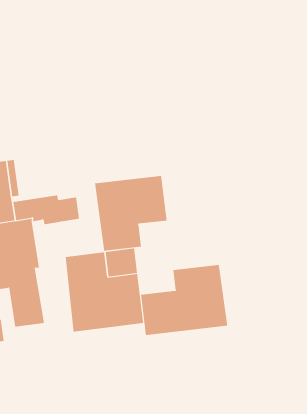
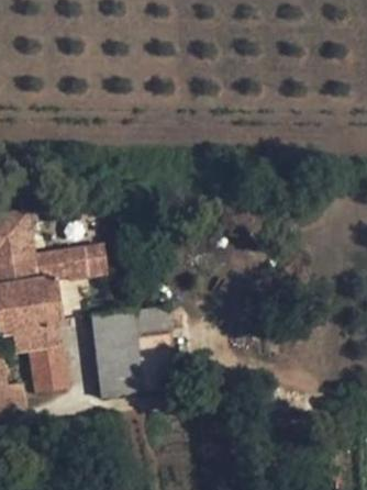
building: [95,175,167,252] -> none
building: [141,264,228,336] -> none

